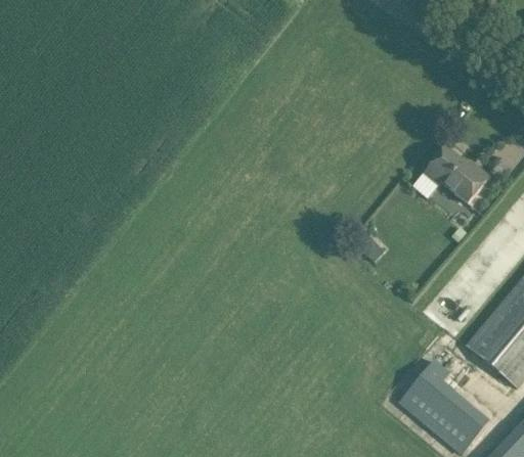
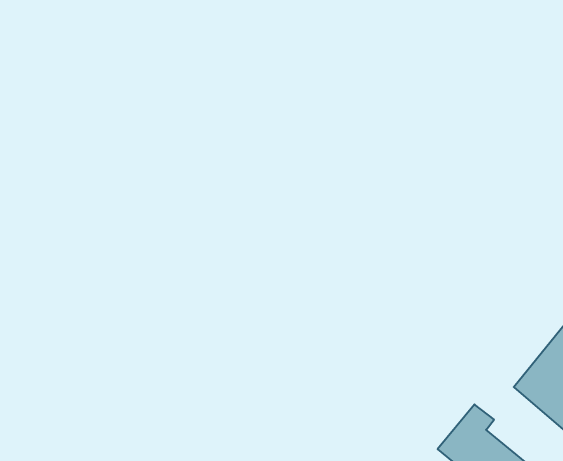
building: [424,145,491,201] -> none

